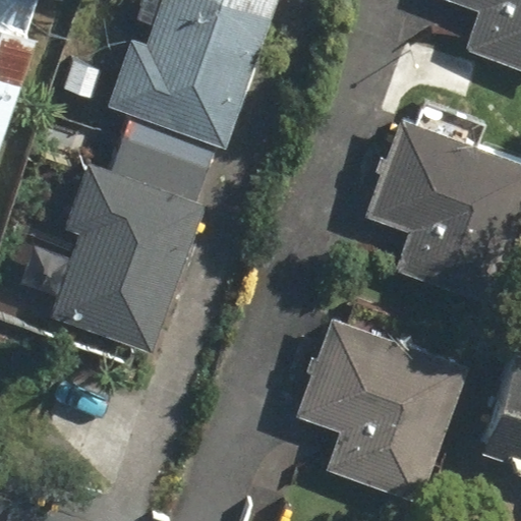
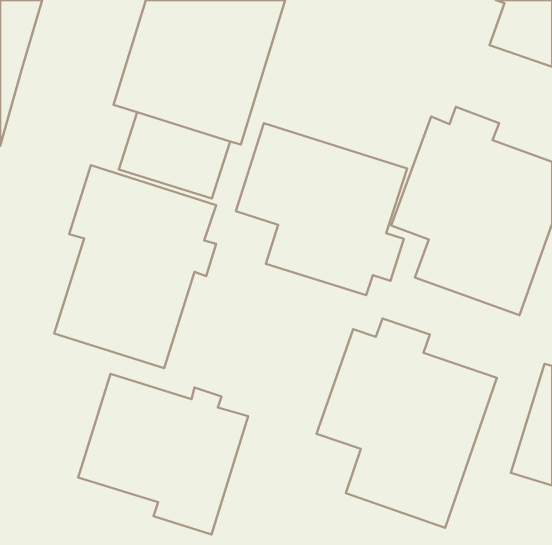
building: none -> [236,123,407,295]
building: none -> [78,374,248,535]

